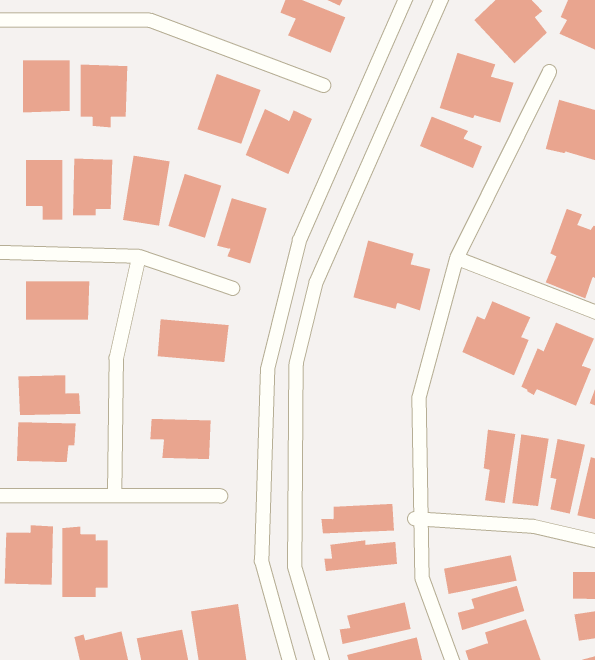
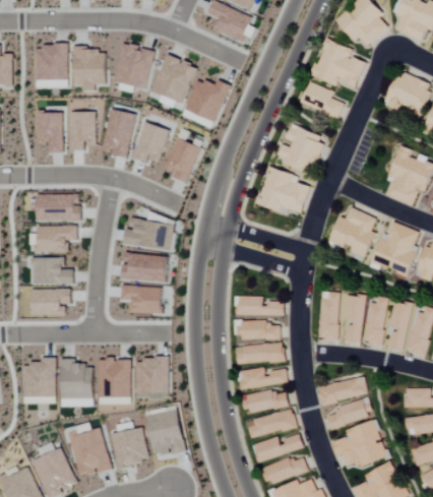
building: none -> [112,42,153,92]
building: none -> [275,125,325,172]
building: none -> [37,226,76,253]
building: none -> [121,252,167,282]
building: none -> [318,292,338,340]
building: none -> [236,297,285,316]
building: none -> [235,322,280,339]
building: none -> [135,358,168,393]
building: none -> [97,360,130,399]
building: none -> [242,389,289,415]

